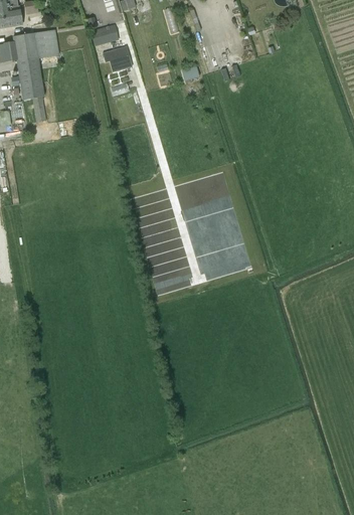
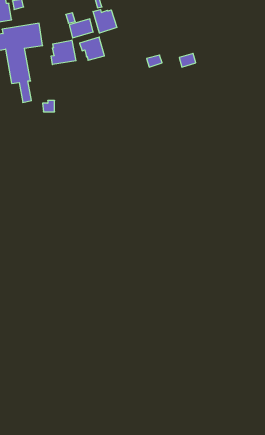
building: none -> [93,10,117,33]
building: none -> [51,40,76,65]

